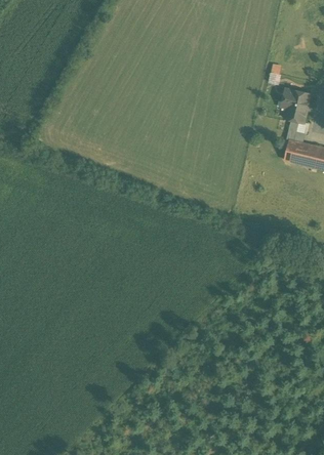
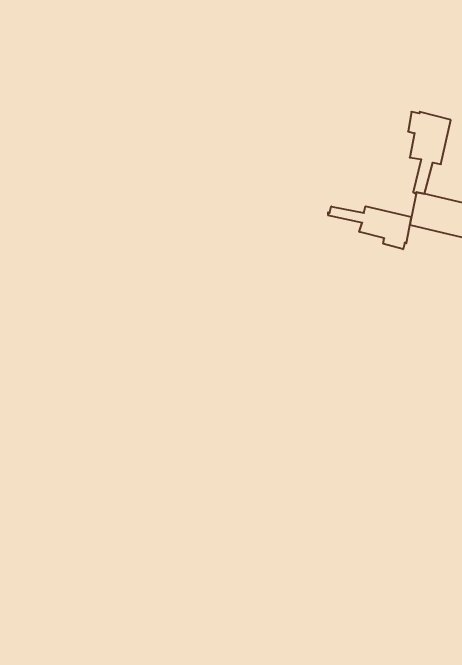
building: none -> [328,206,411,249]

